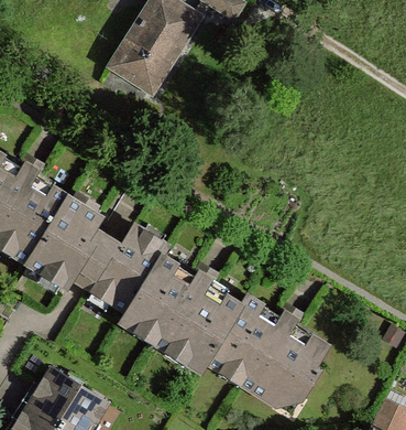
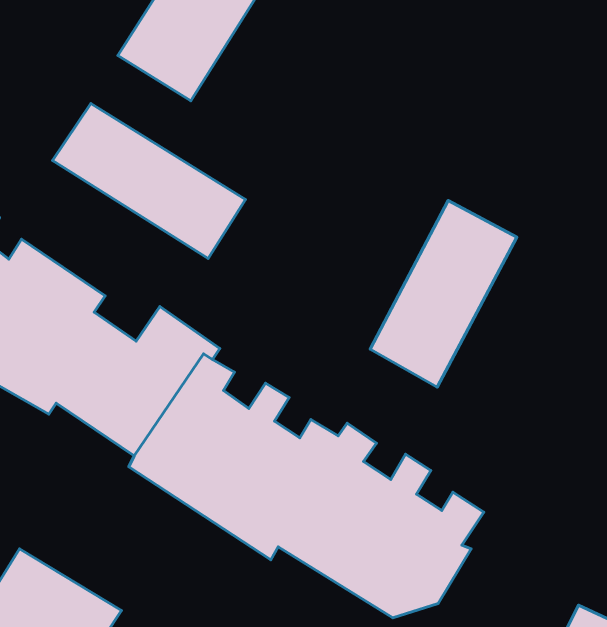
building: none -> [52,103,245,258]
building: none -> [370,200,517,387]

